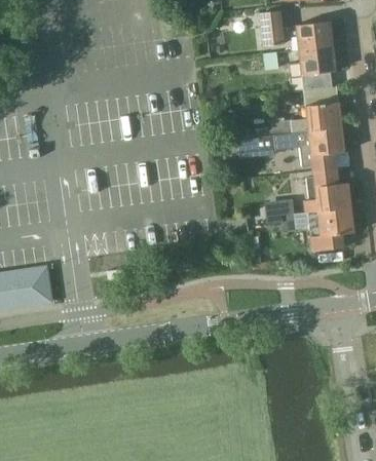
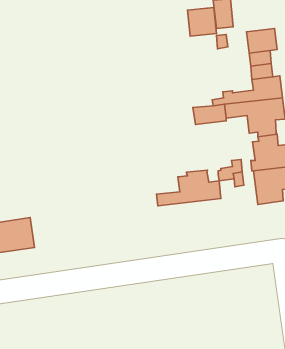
building: [297,22,333,50] -> none
building: none -> [188,8,217,36]
building: none -> [157,170,221,206]

